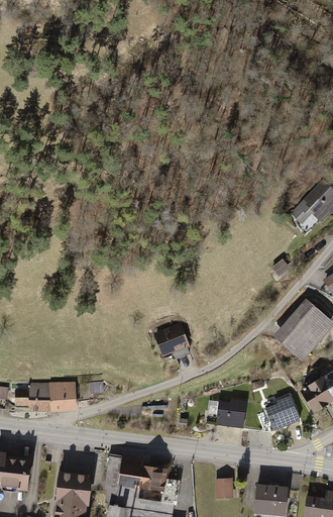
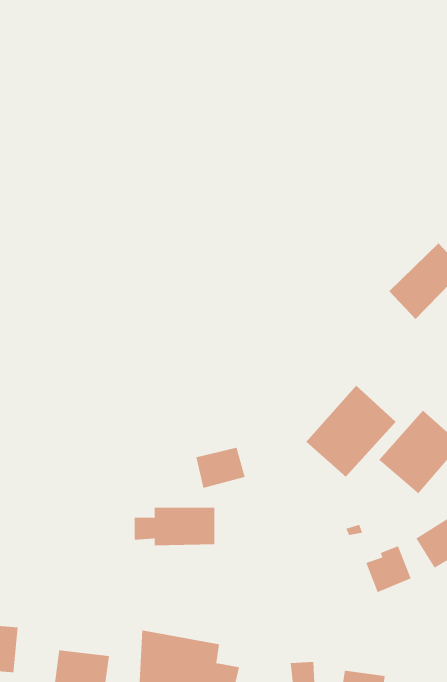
building: none -> [306,385,397,477]
building: [19,383,77,410] -> [134,507,215,546]
building: [220,400,248,427] -> none

